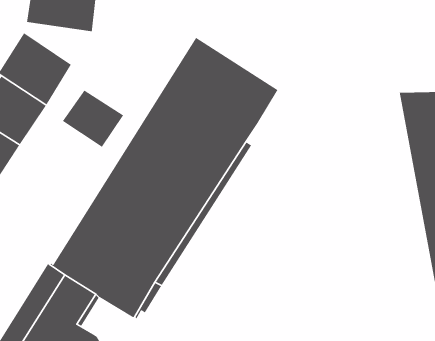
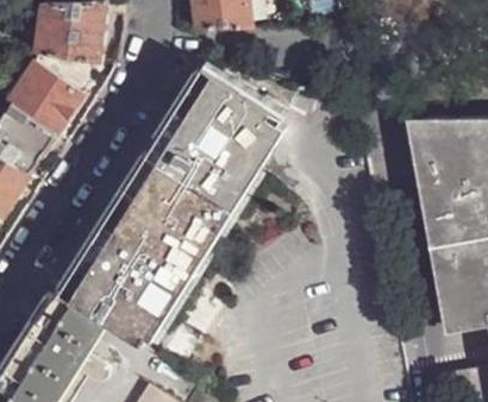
building: [62,89,124,148] -> none

